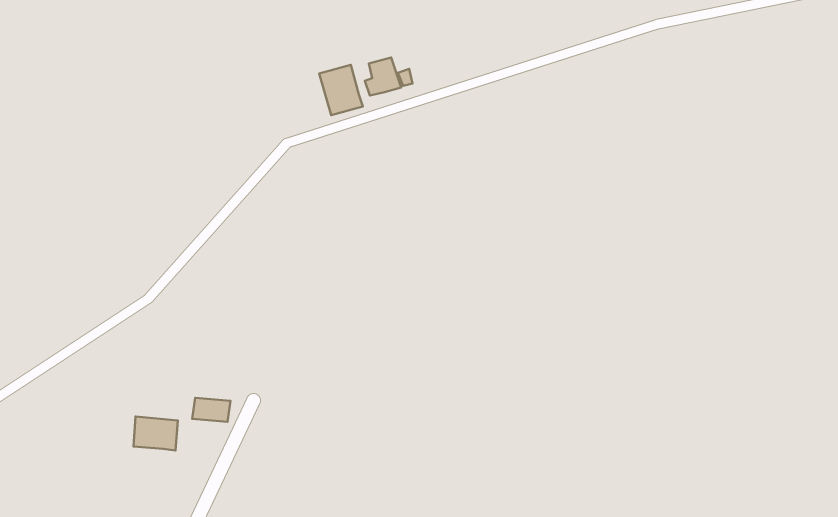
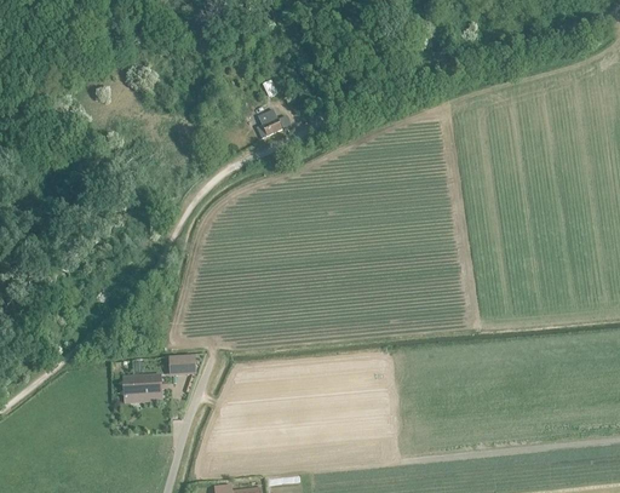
building: [319,65,363,115] -> none

